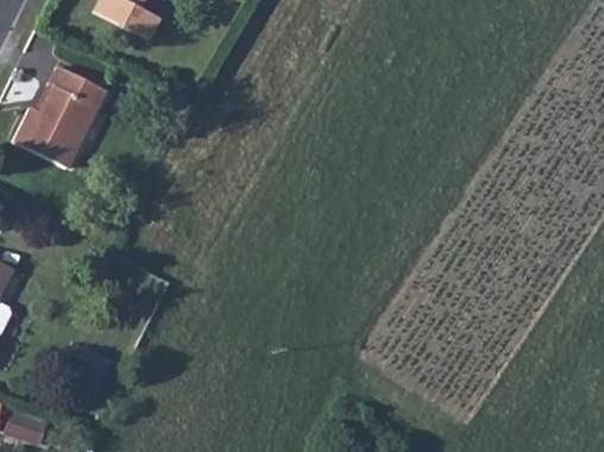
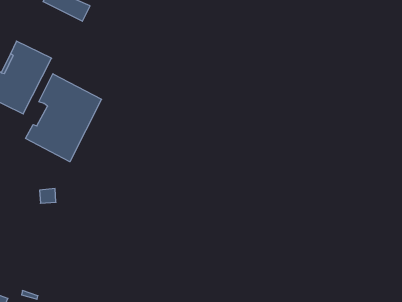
building: none -> [26,74,102,162]

